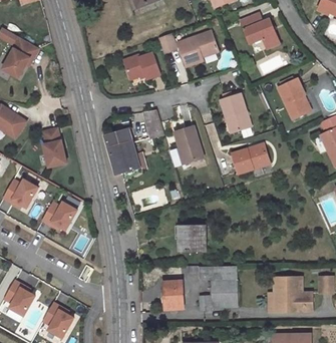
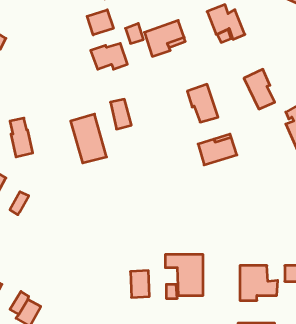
building: none -> [87,10,113,35]
building: [175,127,204,165] -> none
building: [52,203,77,230] -> none
building: [179,226,205,251] -> none

